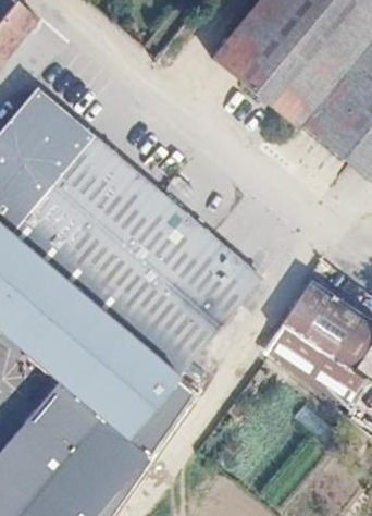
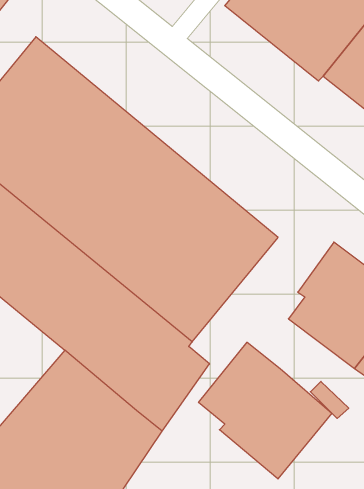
building: none -> [199,342,332,479]

